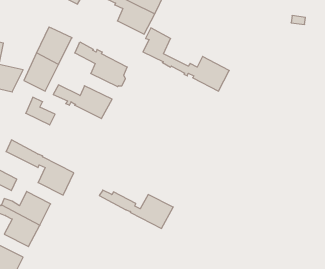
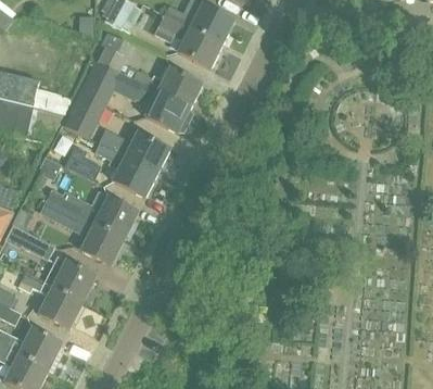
building: [143,28,229,91] -> [97,32,202,109]
building: none -> [94,142,157,197]
building: [99,190,173,228] -> [48,191,138,238]

